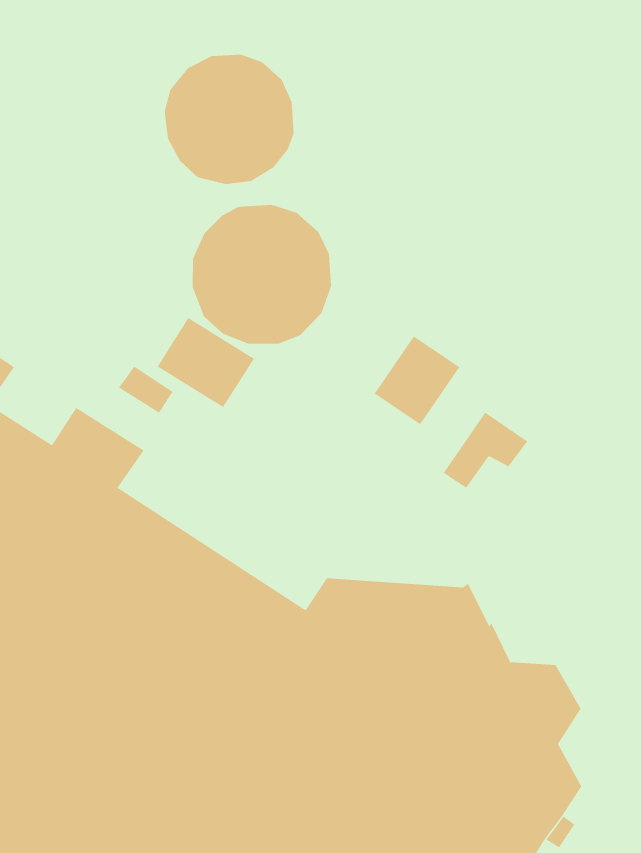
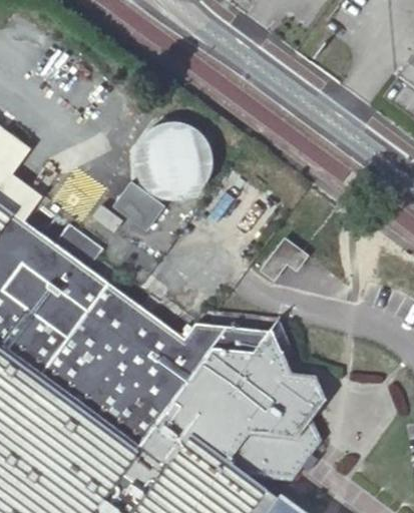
building: [164,54,294,185] -> none
building: [374,336,460,425] -> none

